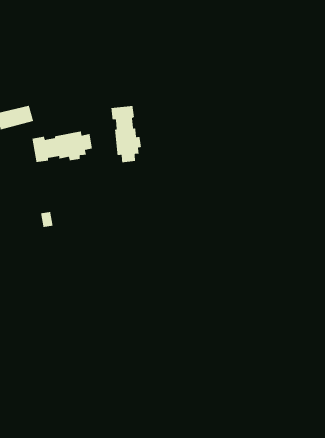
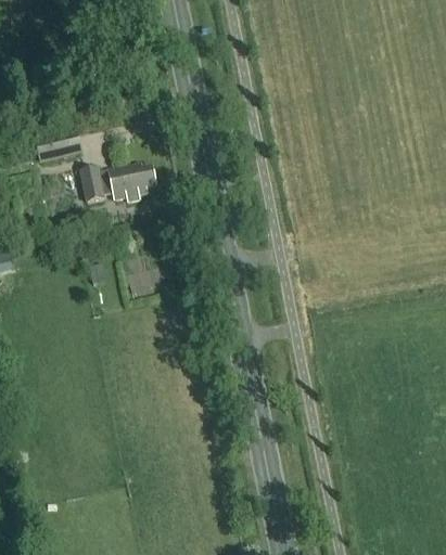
building: [111,105,142,163] -> none

